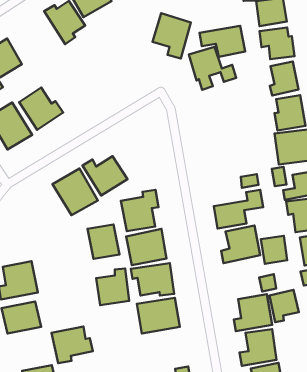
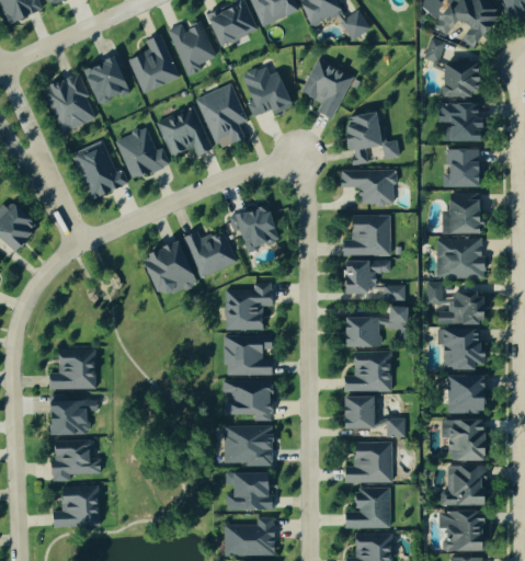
building: none -> [129,33,180,91]
building: none -> [242,65,292,116]
building: [200,26,245,57] -> [341,170,396,205]
building: none -> [197,83,248,149]
building: none -> [157,106,212,156]
building: none -> [342,215,391,255]
building: none -> [231,203,279,251]
building: none -> [342,260,391,294]
building: [88,225,119,259] -> none
building: [261,236,287,264] -> [342,396,373,428]
building: [96,269,129,305] -> none
building: [269,290,299,322] -> none
building: [51,326,93,363] -> [52,439,101,481]
building: none -> [226,471,276,511]

